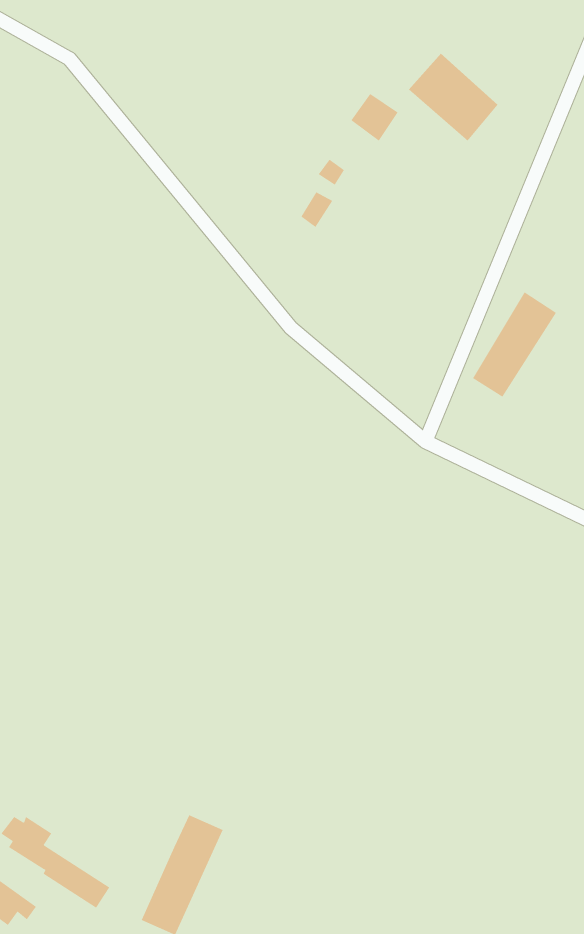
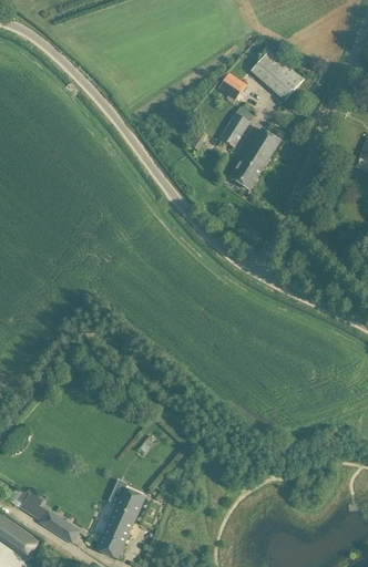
building: none -> [219,113,249,147]
building: [472,292,557,397] -> [231,128,279,189]

